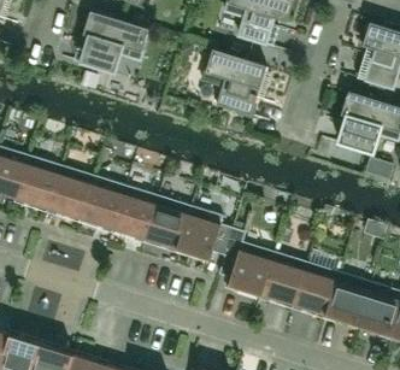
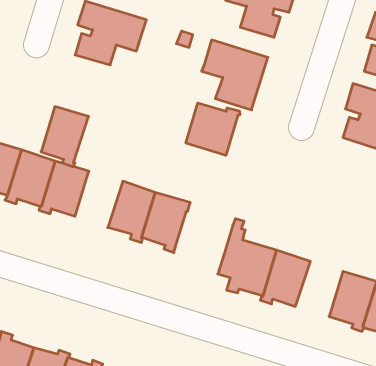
building: none -> [186,103,240,155]
building: [81,176,127,234] -> [41,107,89,167]
building: [177,206,233,264] -> none
building: [292,263,339,316] -> none

